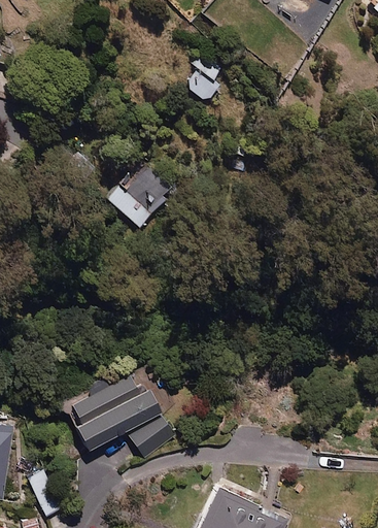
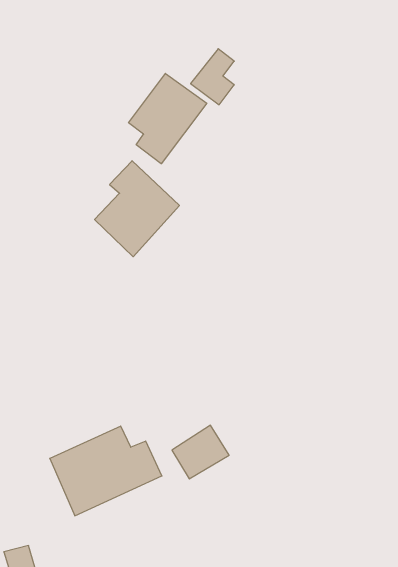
building: none -> [129,73,207,164]
building: [130,415,177,459] -> [172,425,229,479]

